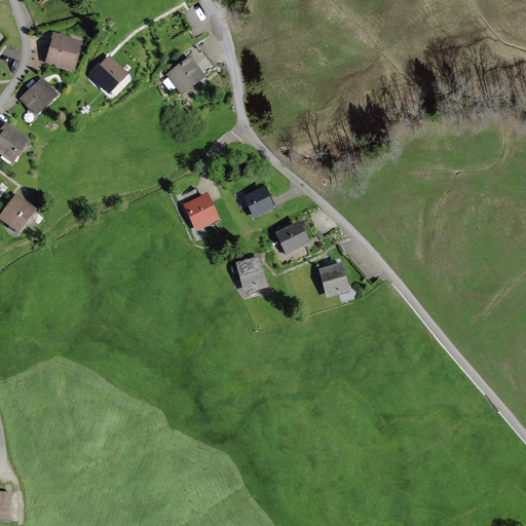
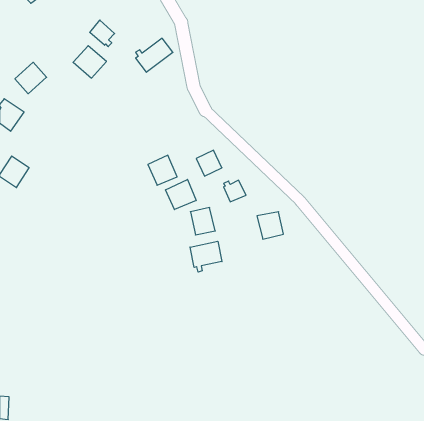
building: none -> [90,20,115,47]
building: [46,34,83,71] -> none
building: none -> [166,179,196,210]
building: none -> [190,241,222,272]

